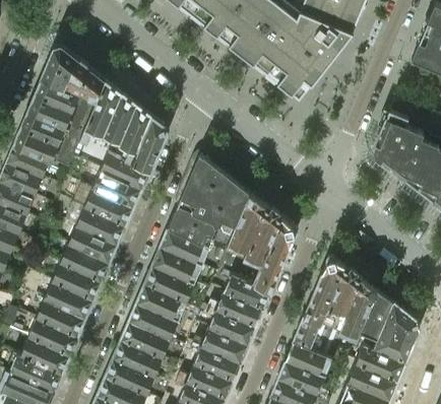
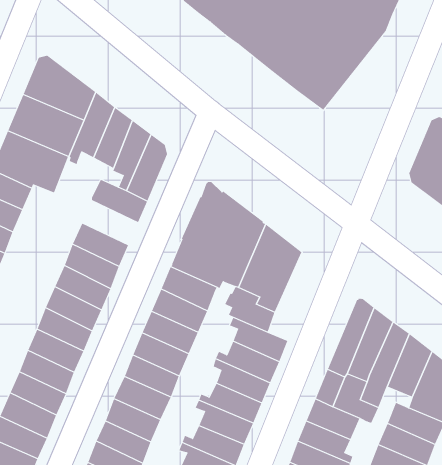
building: [90,175,139,213] -> none
building: [251,219,295,295] -> none

